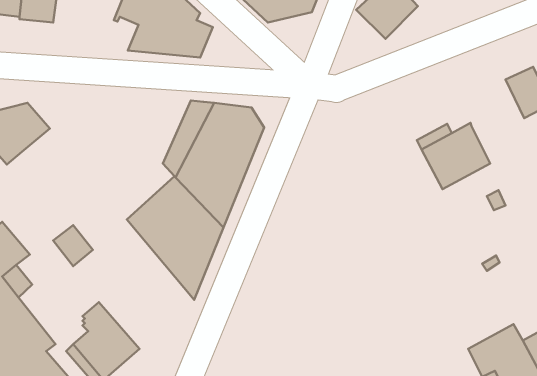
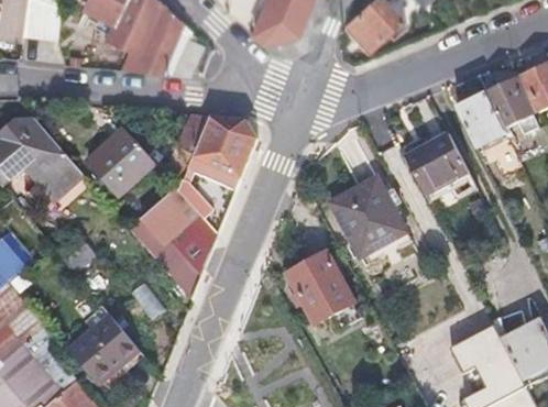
building: none -> [454,96,503,151]
building: none -> [76,125,144,192]
building: none -> [26,142,81,198]
building: none -> [329,178,412,268]
building: none -> [288,255,355,326]

